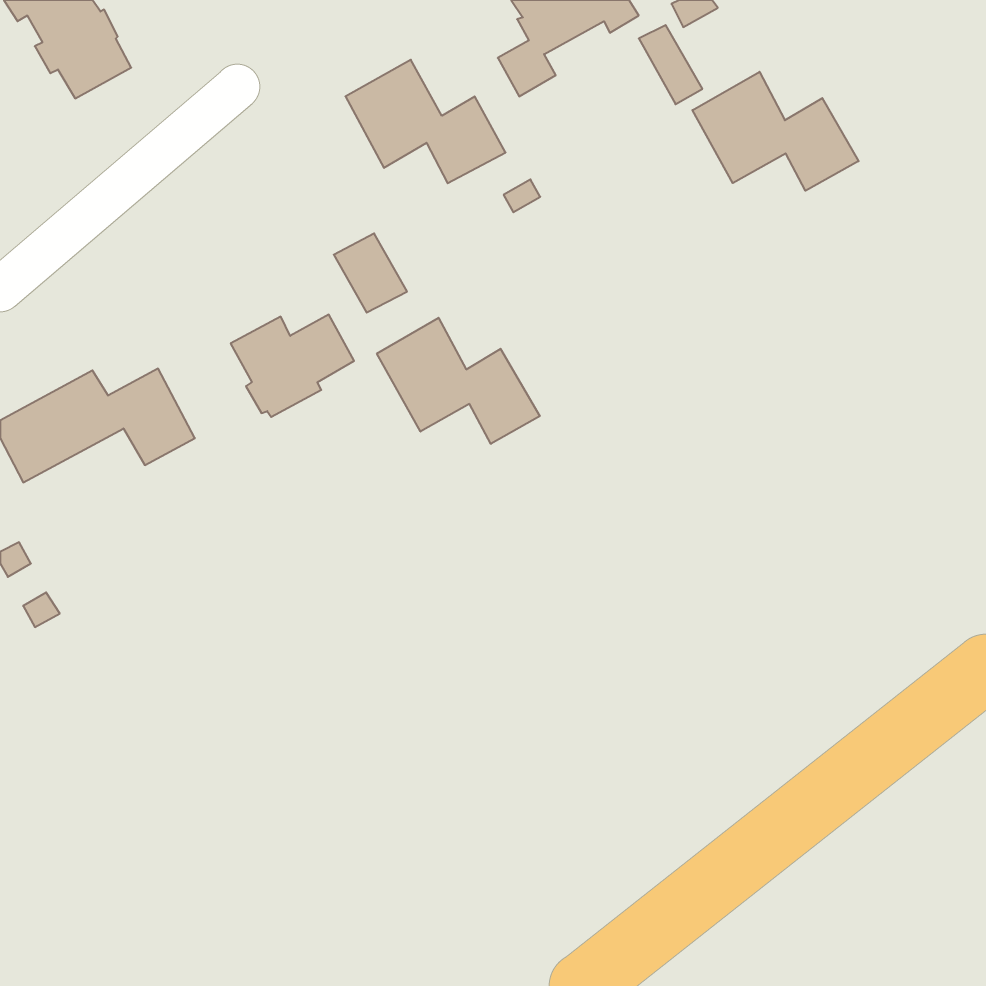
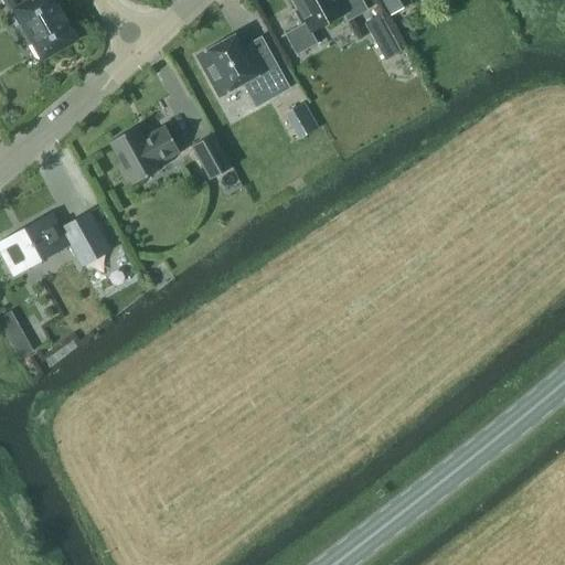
building: [692,72,859,191] -> none
building: [231,315,354,417] -> [109,125,180,183]
building: [377,318,540,444] -> none

